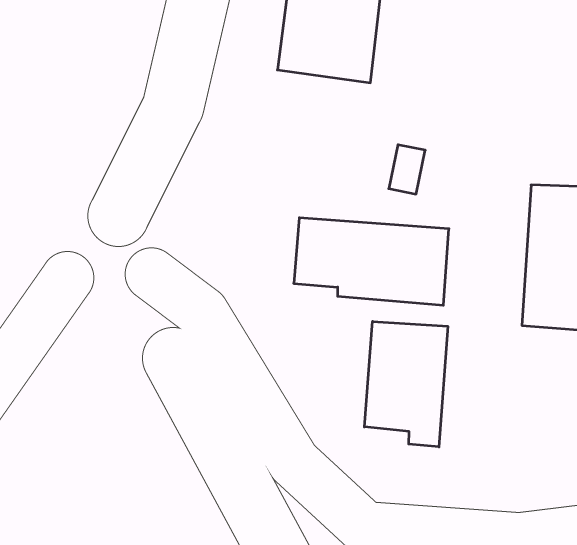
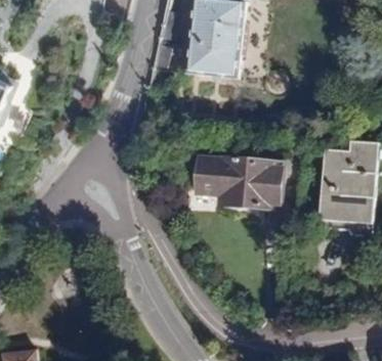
building: [364,321,448,447] -> none

